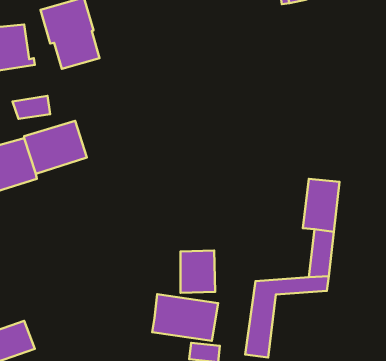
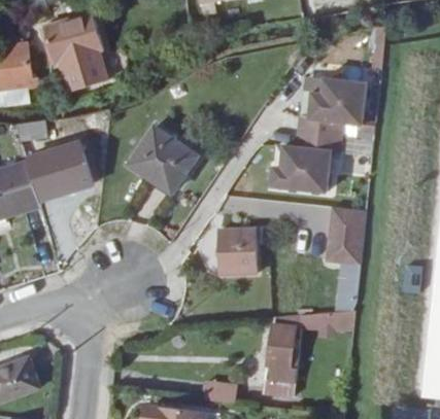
building: none -> [271,78,367,191]
building: none -> [130,127,198,193]
building: [180,250,215,293] -> [219,230,257,275]
building: [152,294,218,341] -> none

